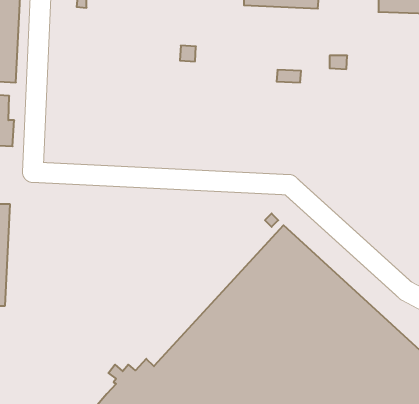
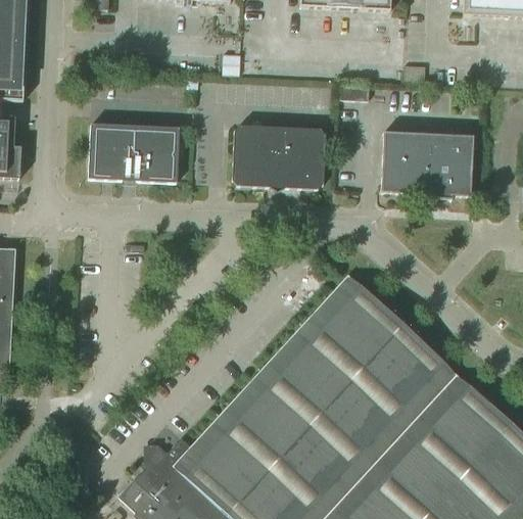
building: none -> [88,125,179,184]
building: none -> [231,127,325,190]
building: none -> [380,132,473,200]

